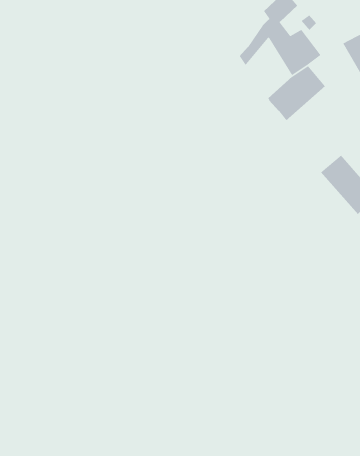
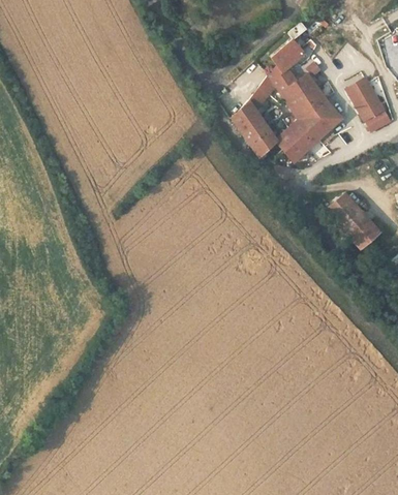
building: none -> [314,99,342,128]
building: none -> [232,100,277,157]

